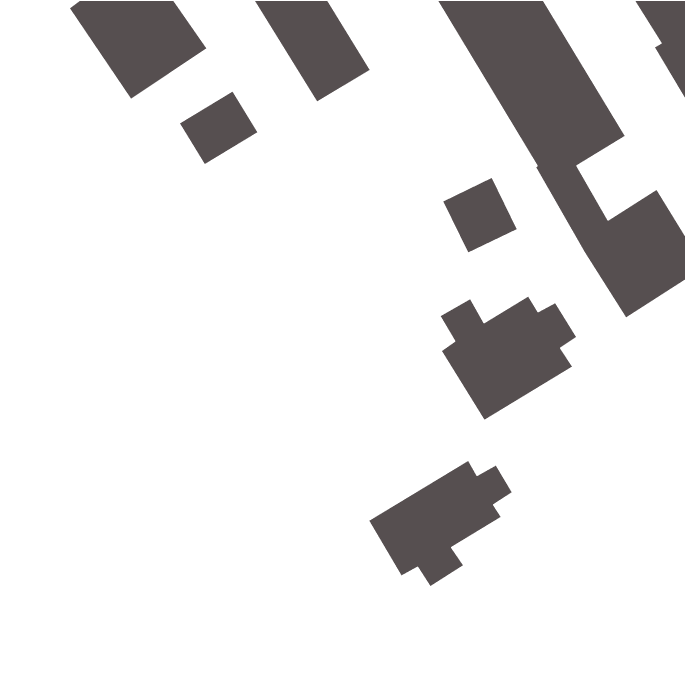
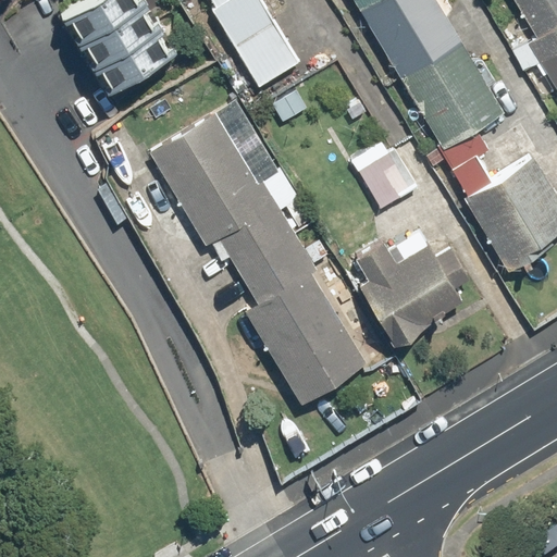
building: [179,90,258,165] -> none
building: none -> [149,112,368,404]
building: [368,460,513,587] -> none

